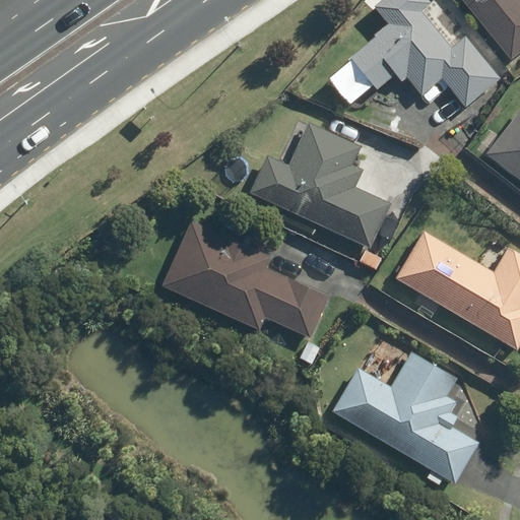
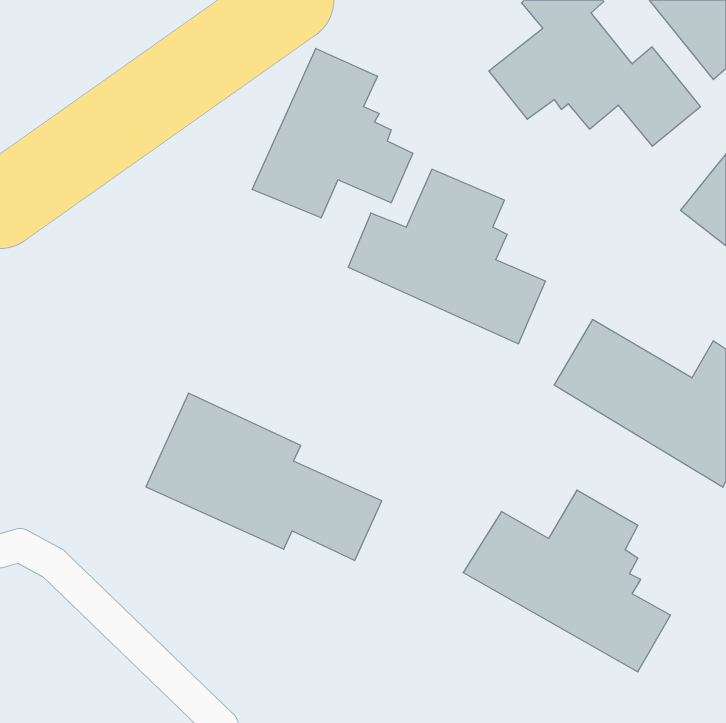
building: none -> [252,48,413,218]
building: [160,218,329,338] -> [146,393,382,561]

